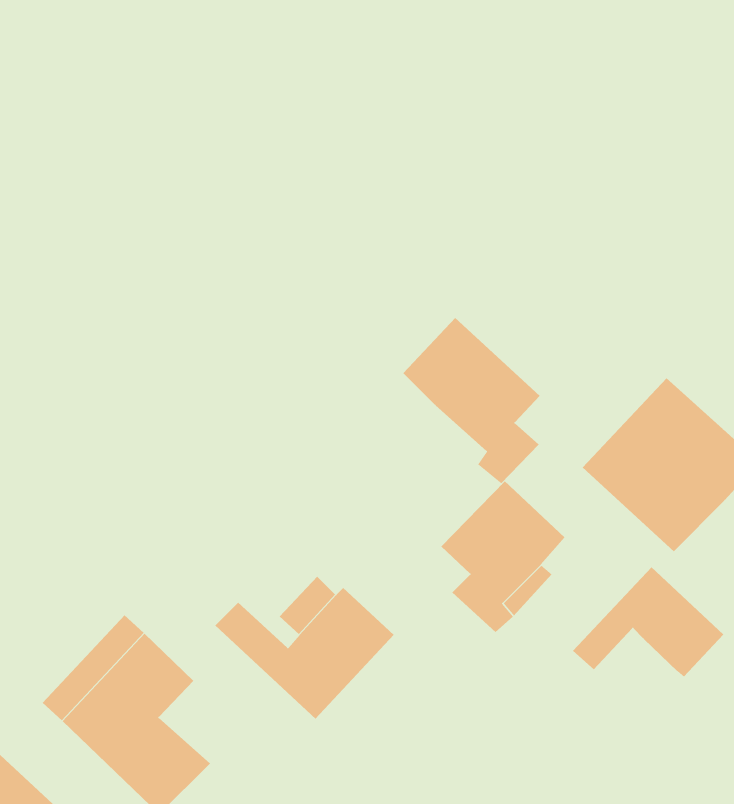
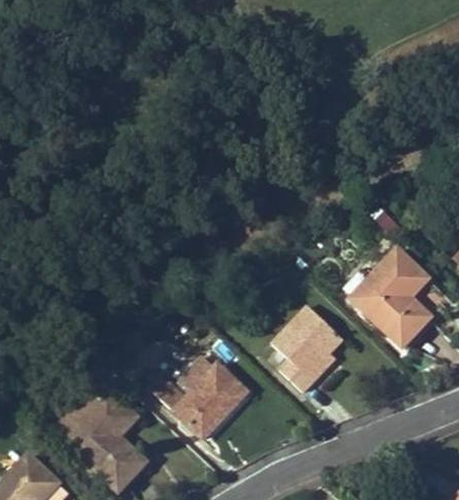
building: [402,317,541,484] -> none
building: [572,566,724,678] -> none

